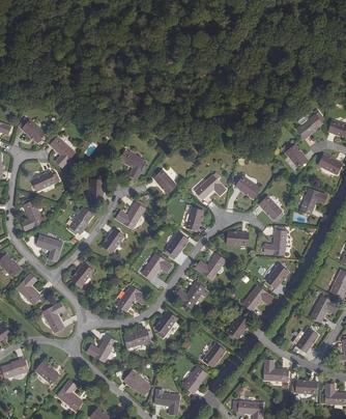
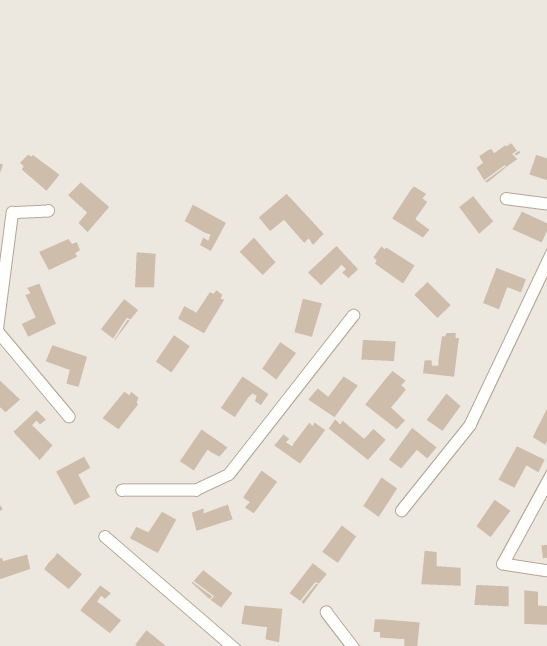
building: none -> [391,185,430,239]
building: none -> [258,193,325,246]
building: none -> [364,370,407,430]
building: none -> [328,418,387,461]

